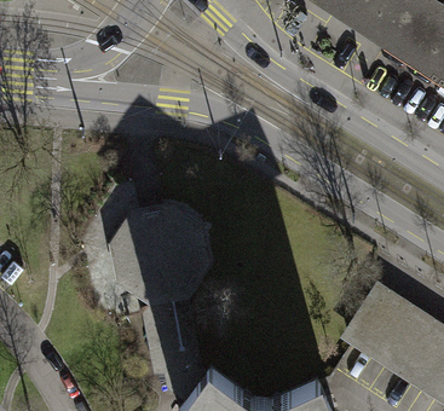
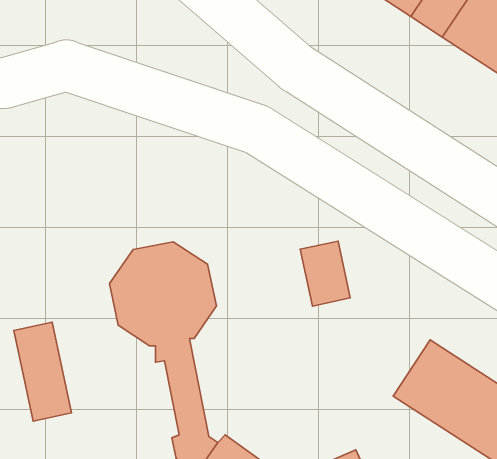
building: none -> [300,241,350,306]
building: none -> [14,322,72,421]

